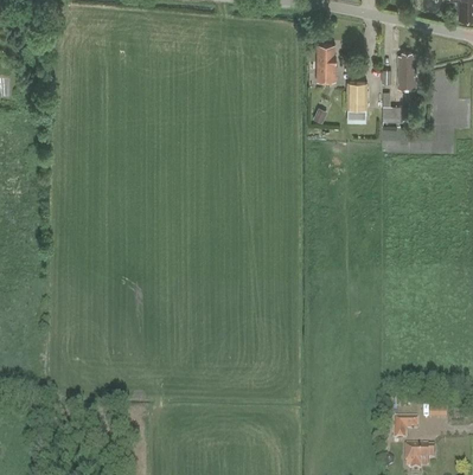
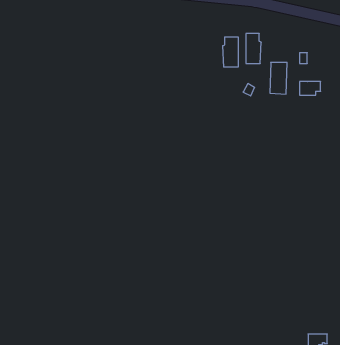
building: none -> [223,37,238,67]
building: [398,53,416,91] -> none

